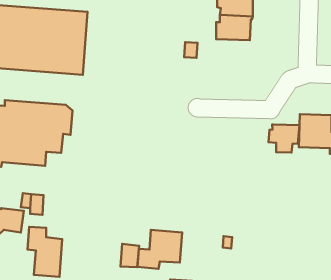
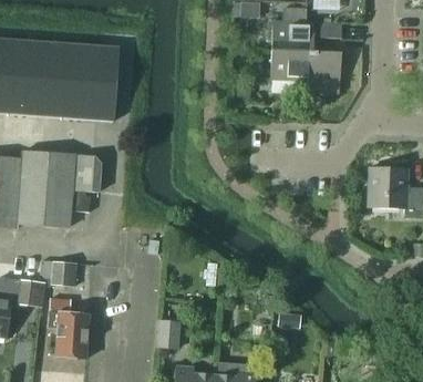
building: none -> [309,50,340,94]
building: [268,124,299,152] -> none
building: [138,230,182,269] -> none

